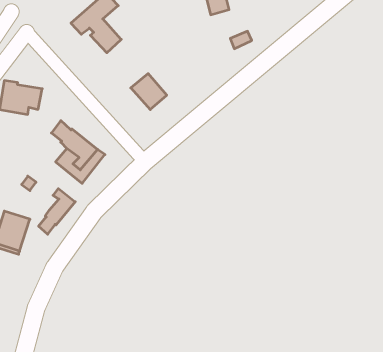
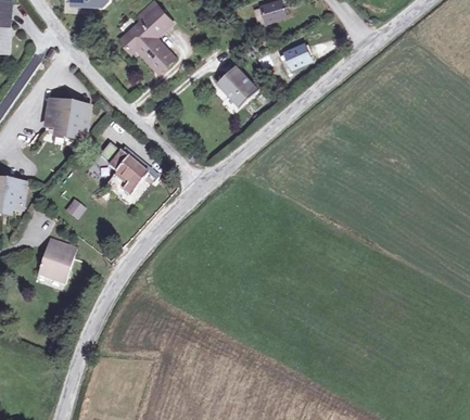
building: [131,74,167,110] -> [219,65,257,103]
building: [39,189,75,234] -> none

